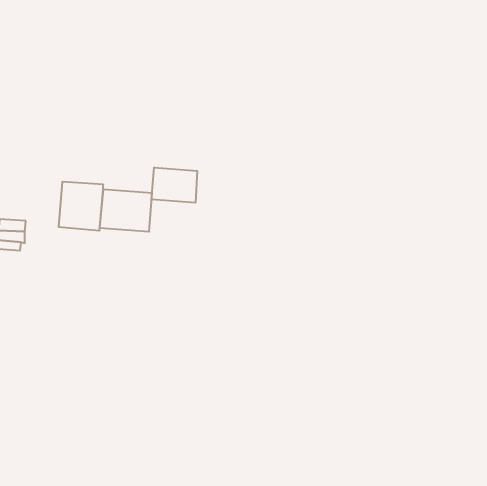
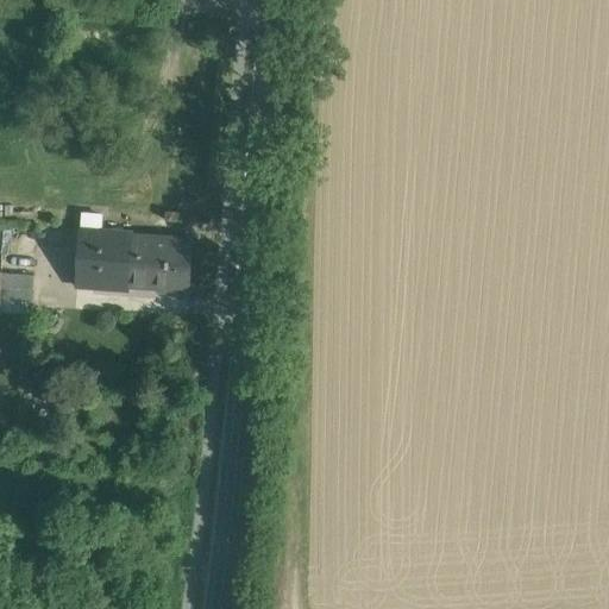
building: [152,167,197,203] -> none

